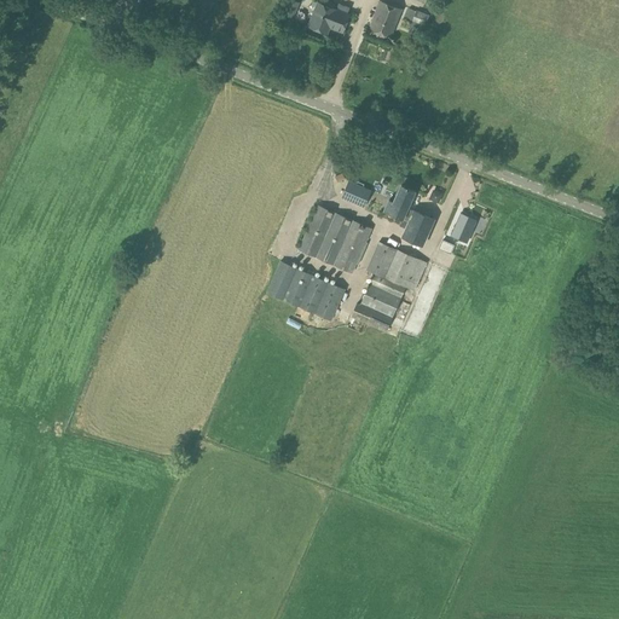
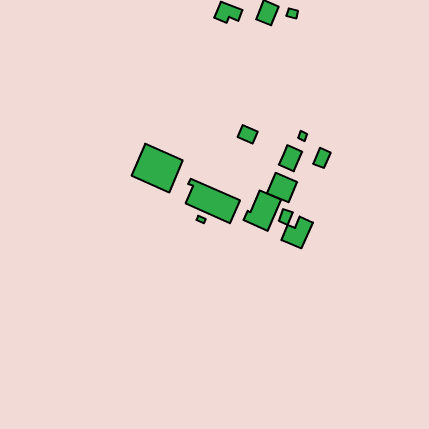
building: [384,185,421,221] -> none
building: [299,204,372,274] -> [132,144,183,192]
building: [366,242,397,278] -> none
building: none -> [281,216,313,248]

